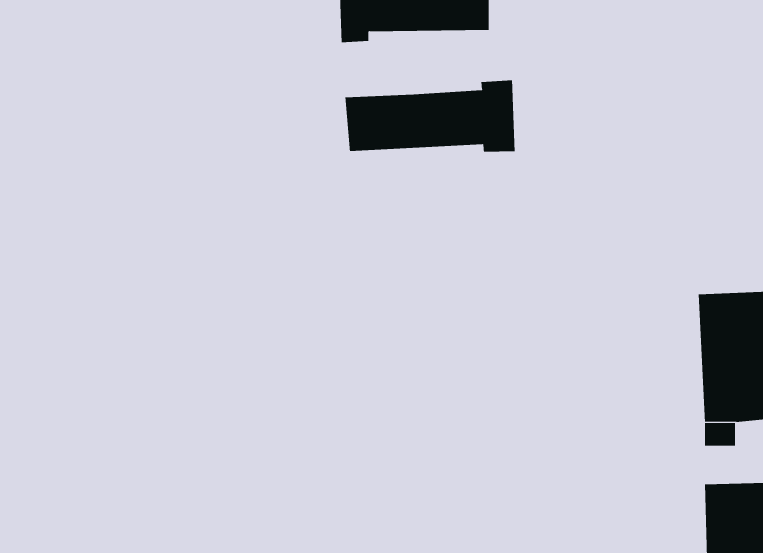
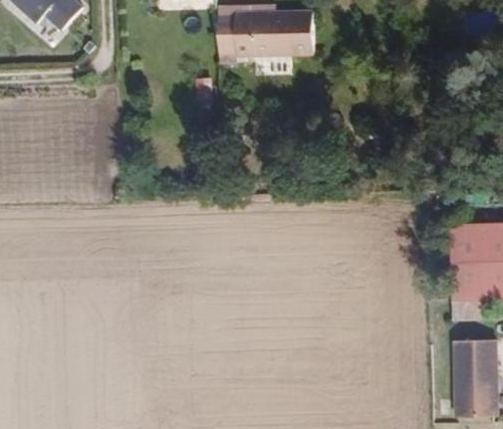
building: [345,80,515,153] -> none

